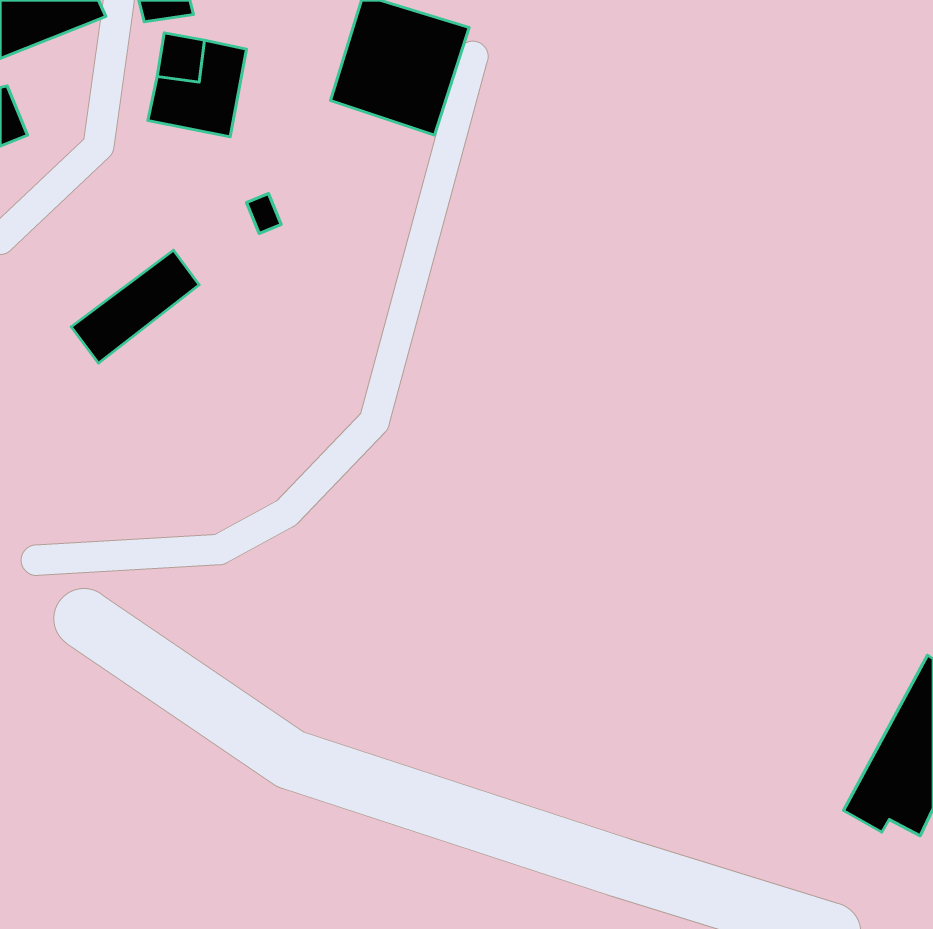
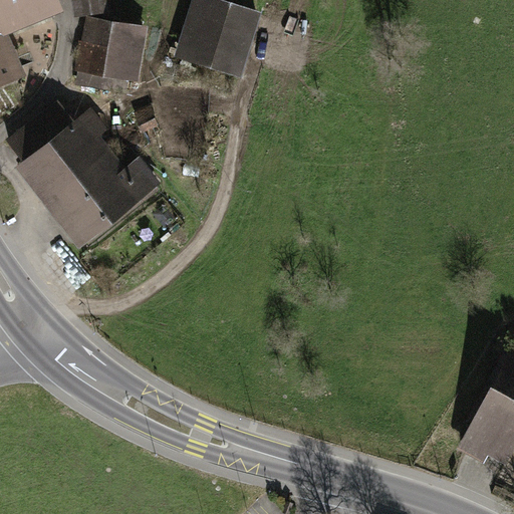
building: none -> [10,105,101,182]
building: none -> [54,159,155,241]

